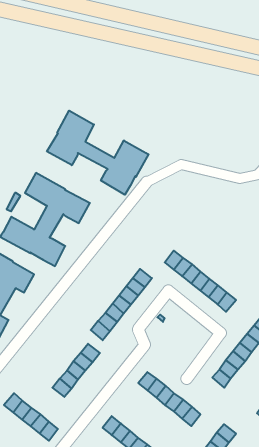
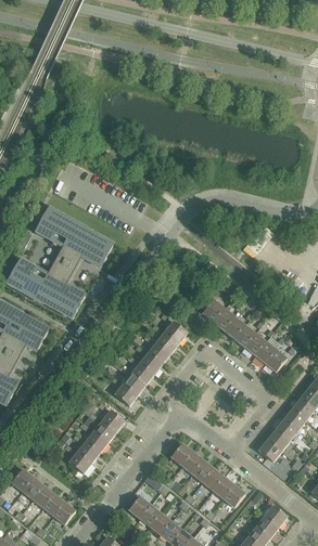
building: [47,111,149,195] -> none

